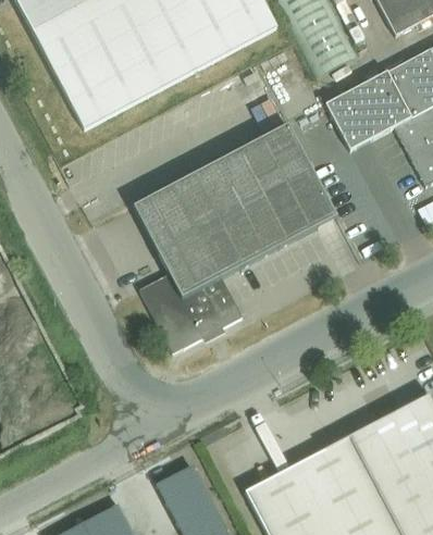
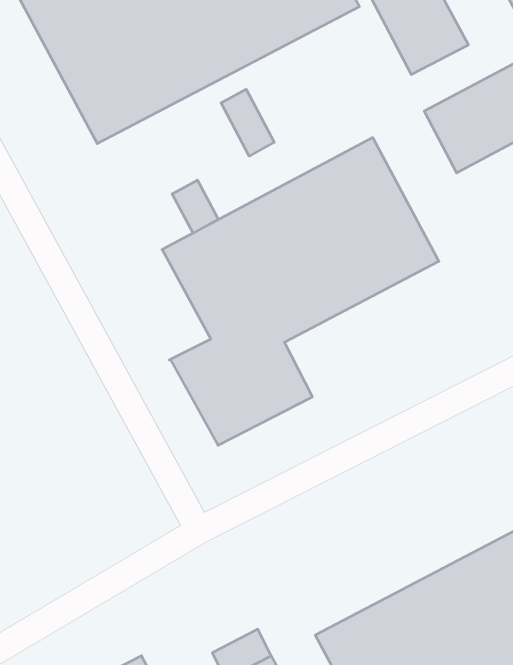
building: none -> [221,89,274,156]
building: none -> [172,180,218,233]
building: [159,465,203,503] -> none

